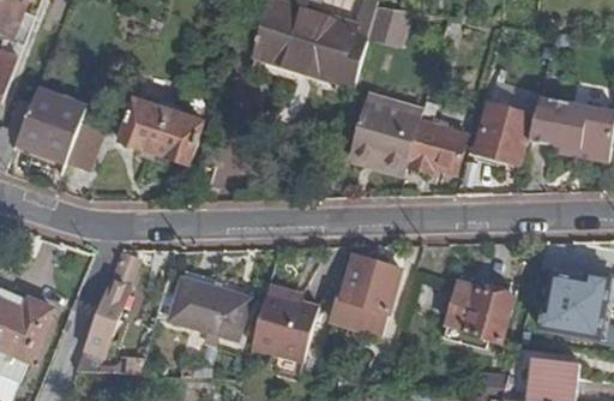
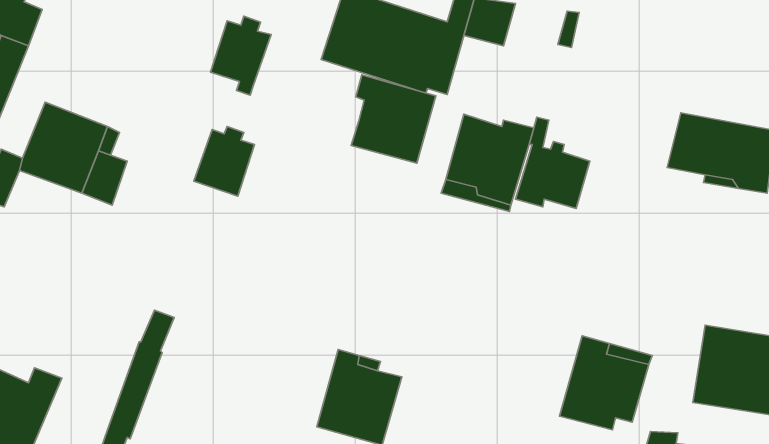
building: none -> [351,75,436,163]
building: [120,96,168,158] -> [211,16,271,95]
building: [474,103,530,163] -> none
building: [330,256,399,336] -> none
building: [169,276,248,340] -> none

